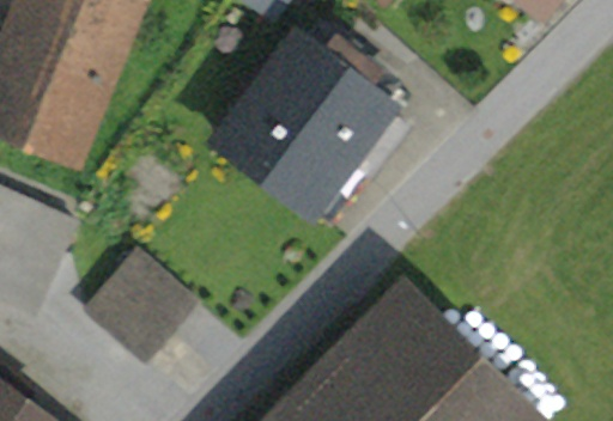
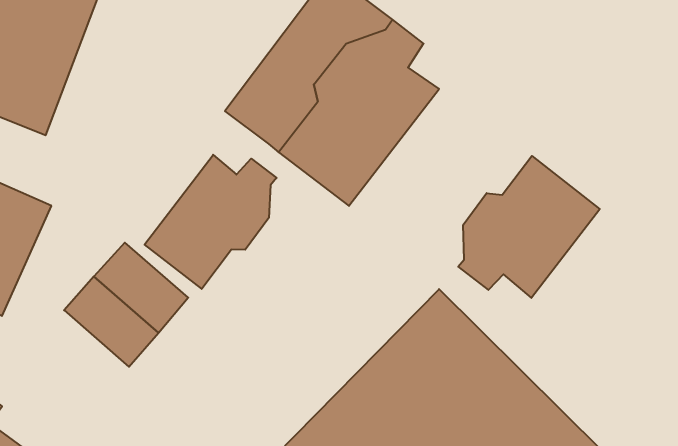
building: none -> [145,155,277,289]
building: none -> [458,156,600,298]

